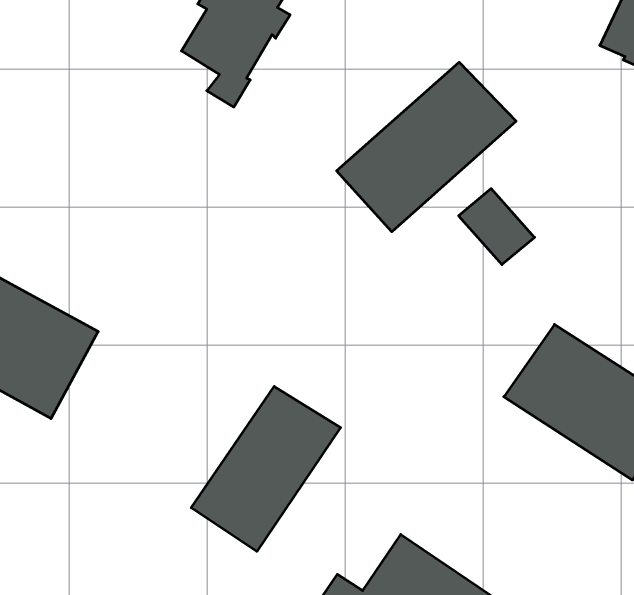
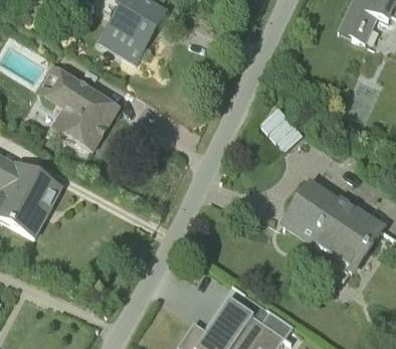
building: [337,62,516,232] -> none
building: none -> [36,65,119,148]
building: [191,386,341,551] -> none

